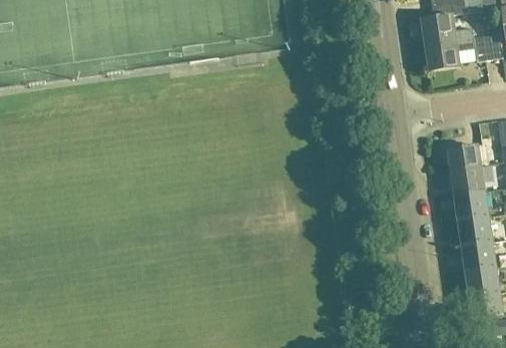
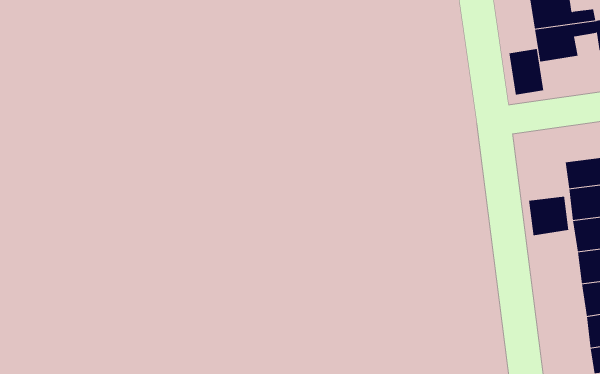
building: none -> [509,48,544,95]
building: none -> [528,196,569,236]

